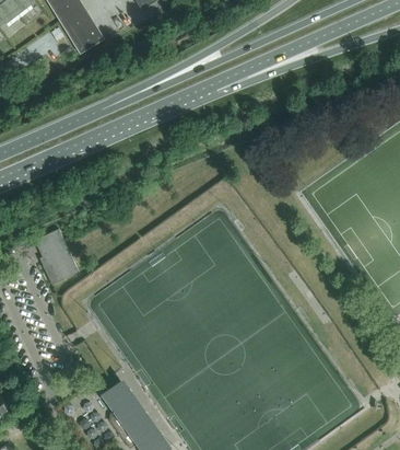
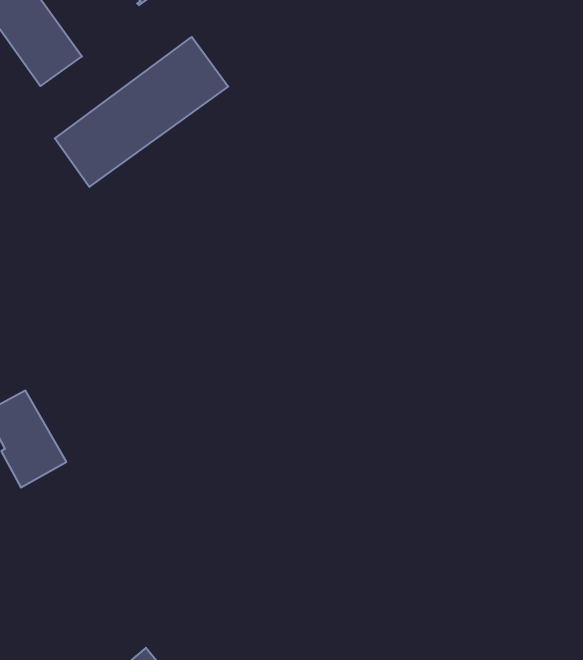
building: none -> [55,37,228,187]

